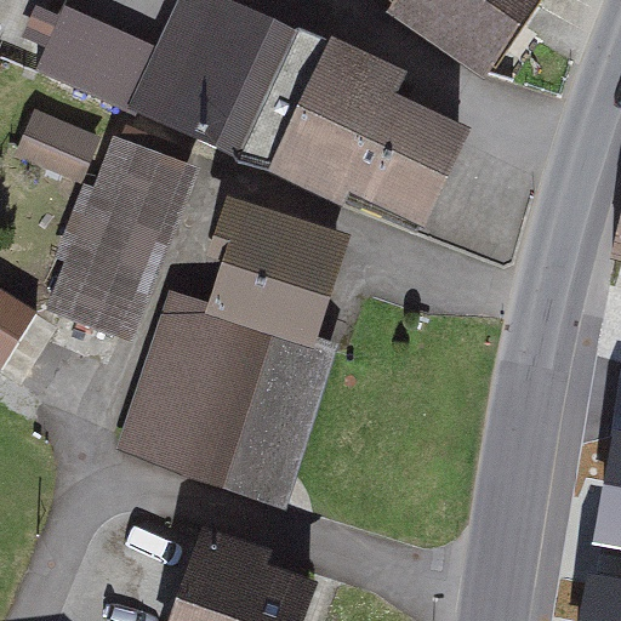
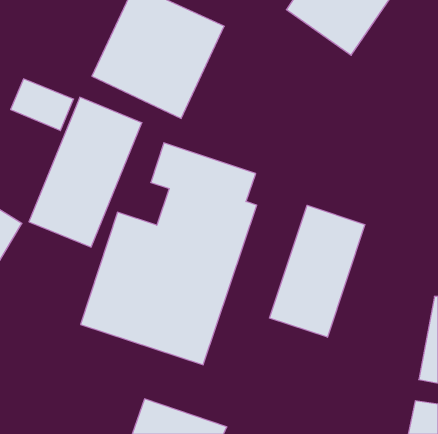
building: [34,6,148,104] -> none
building: [280,44,480,234] -> none
building: none -> [269,205,365,337]

